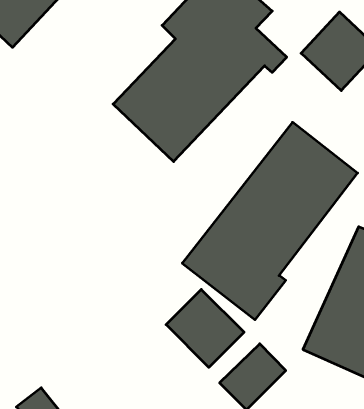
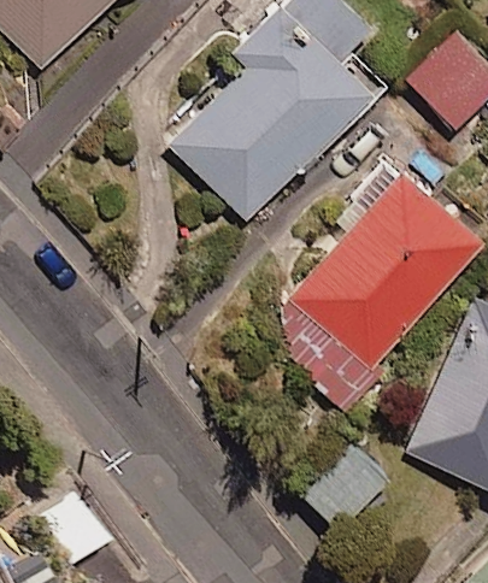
building: [166,289,244,367] -> none

